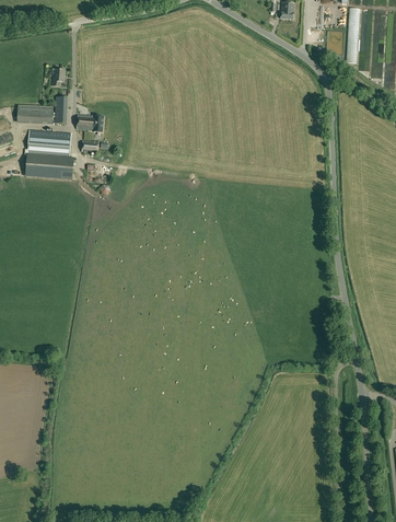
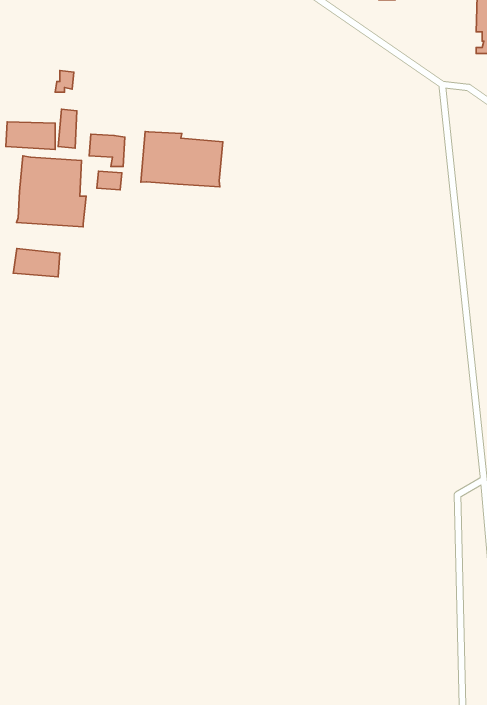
building: none -> [141,131,223,187]
building: none -> [13,249,60,277]

